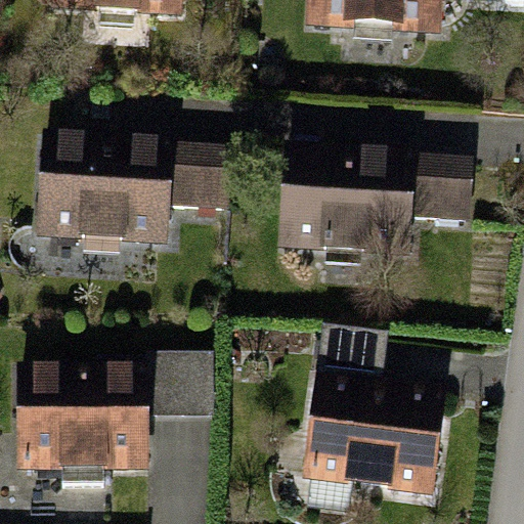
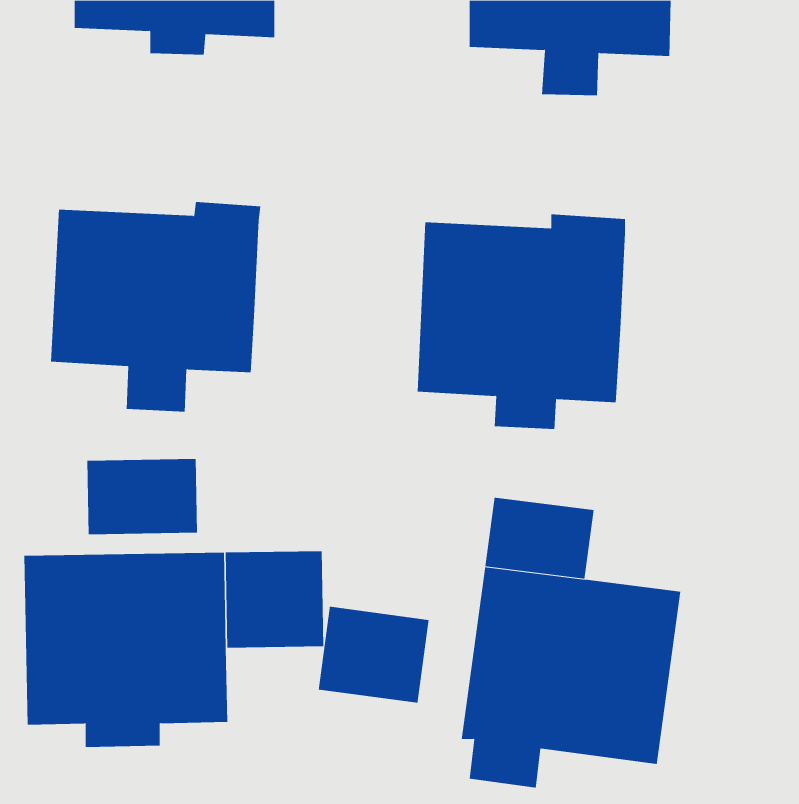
building: [169,143,235,209] -> none
building: [407,151,473,217] -> none
building: none -> [87,458,198,535]
building: none -> [318,606,429,704]

